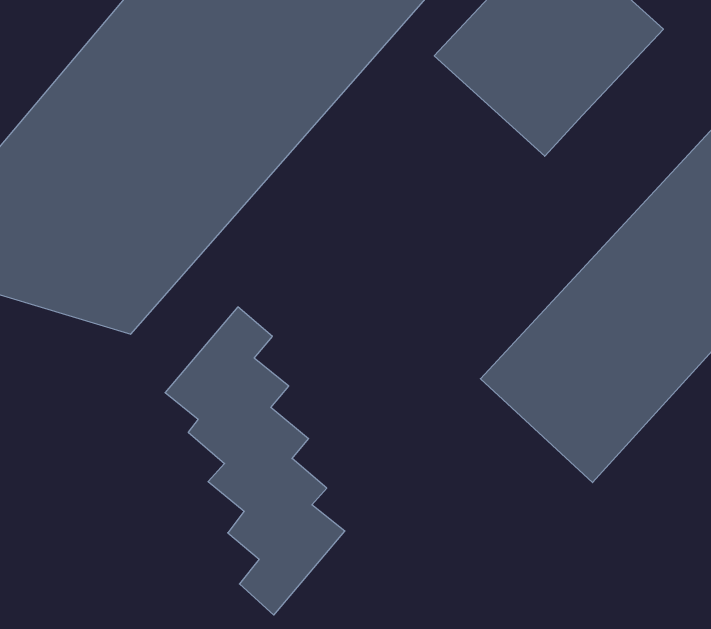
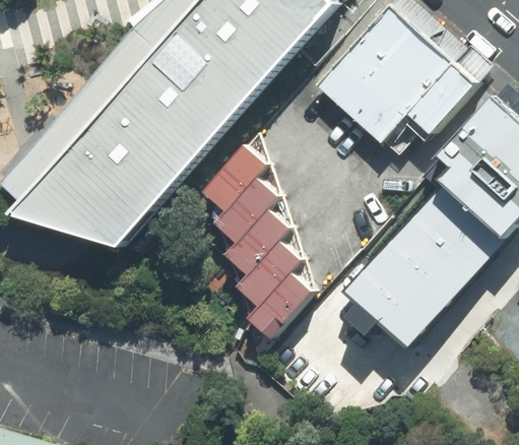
building: none -> [400,63,472,137]
building: [165,307,345,615] -> [200,150,311,340]

